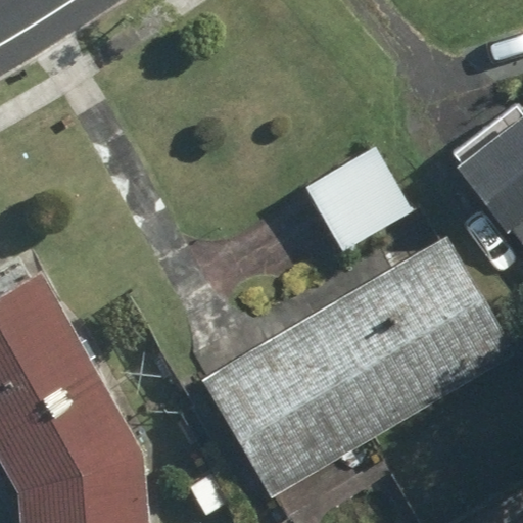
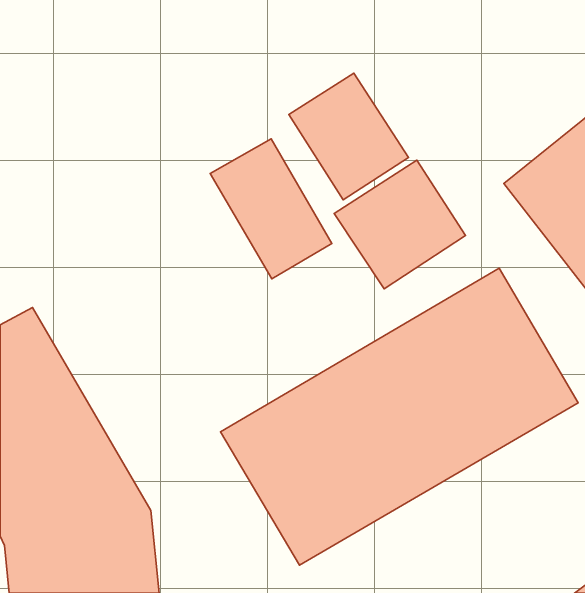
building: none -> [289,73,409,200]
building: none -> [210,139,332,279]

